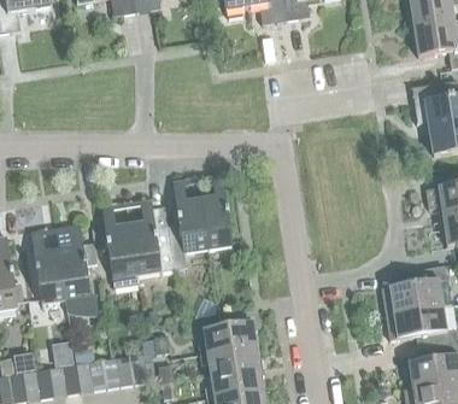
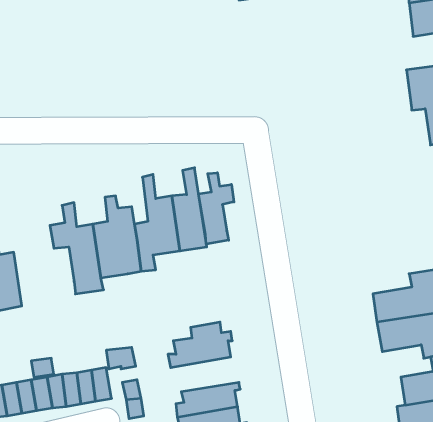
building: none -> [199,173,234,244]
building: [57,224,100,315] -> none
building: [200,344,262,375] -> none

